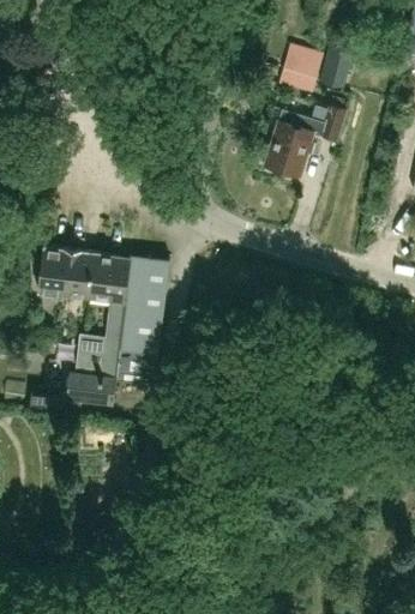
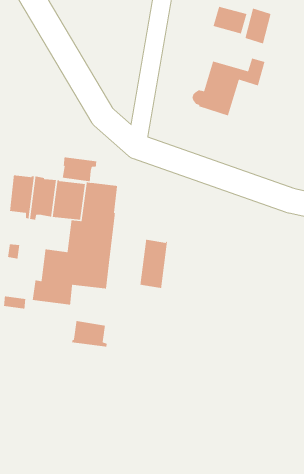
building: none -> [62,156,97,182]
building: none -> [140,239,168,289]
building: none -> [71,320,107,347]

